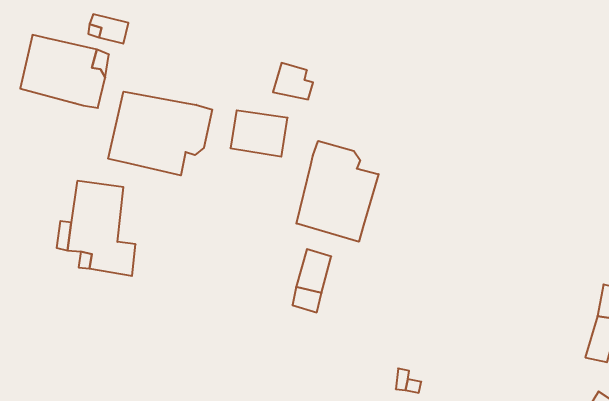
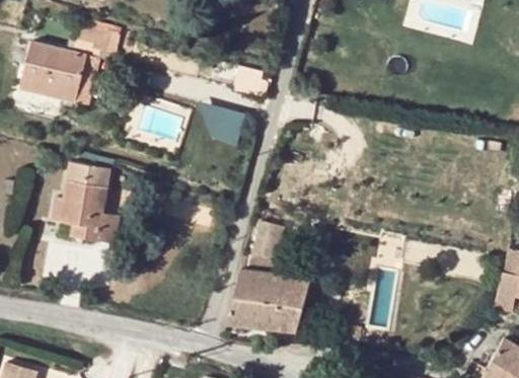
building: [108,92,212,175] -> none
building: [296,141,379,242] -> none
building: none -> [228,272,309,331]

